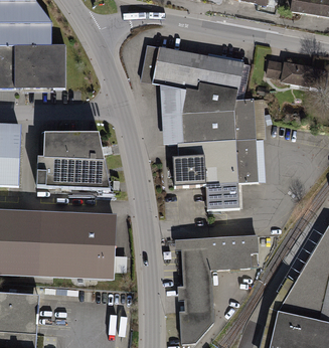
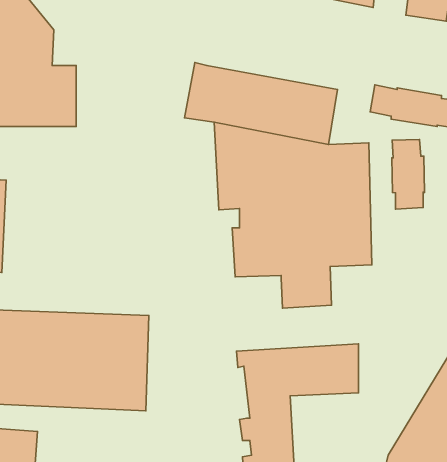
building: none -> [392,140,425,209]
building: [35,132,110,188] -> none

